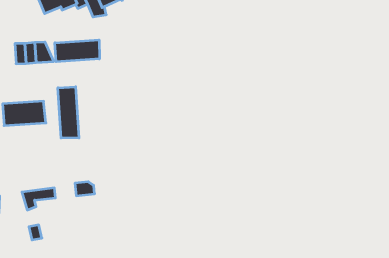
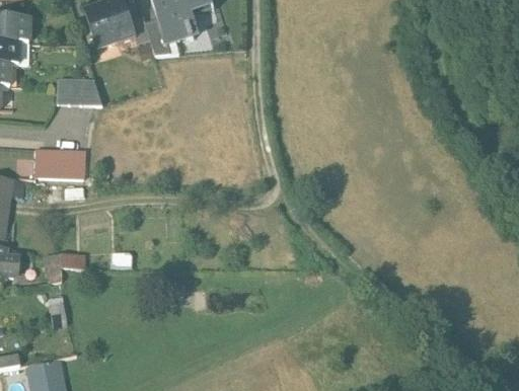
building: [55,40,99,62] -> none
building: [58,87,79,138] -> none

